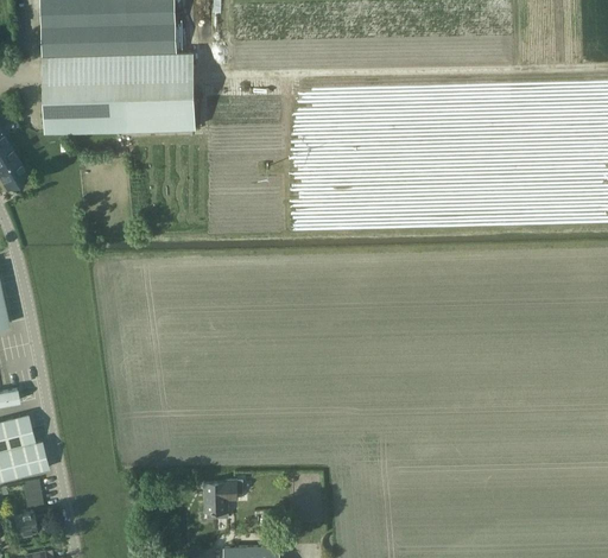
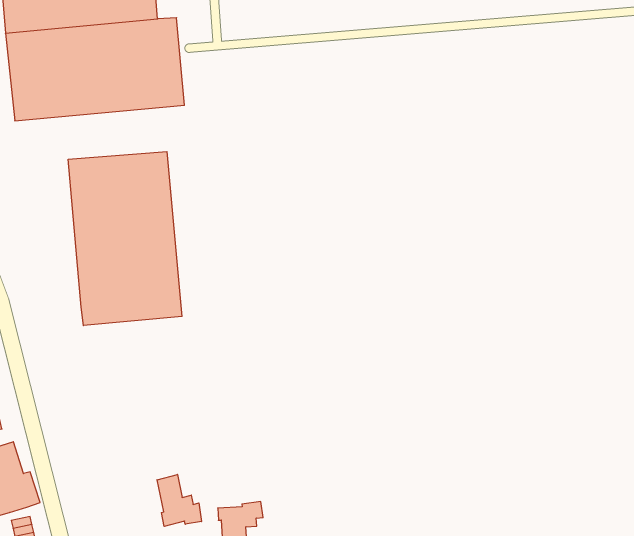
building: none -> [68,152,182,326]
building: none -> [157,474,201,526]

